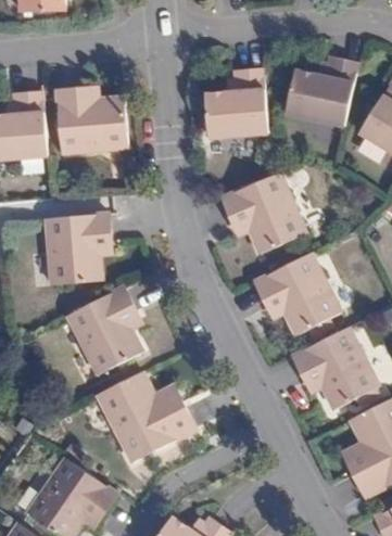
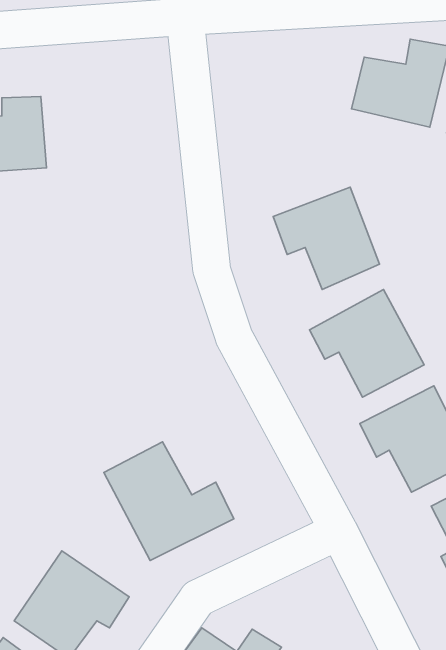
building: [206,69,270,136] -> none
building: [56,94,124,155] -> none
building: [56,218,122,280] -> none
building: [64,284,137,372] -> none

